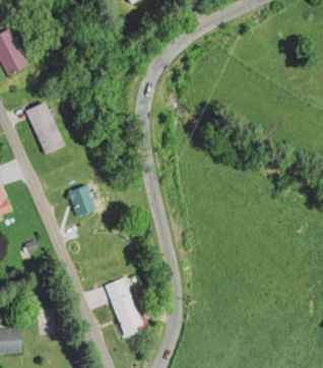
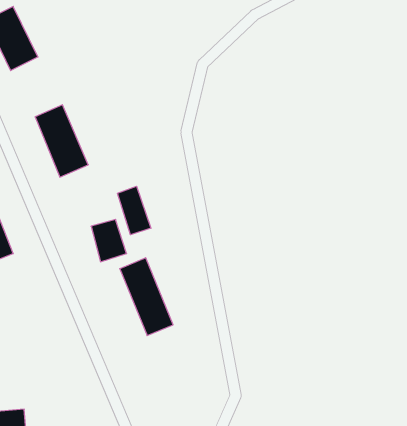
building: none -> [117,186,151,235]
building: [104,277,143,334] -> [120,258,173,336]

